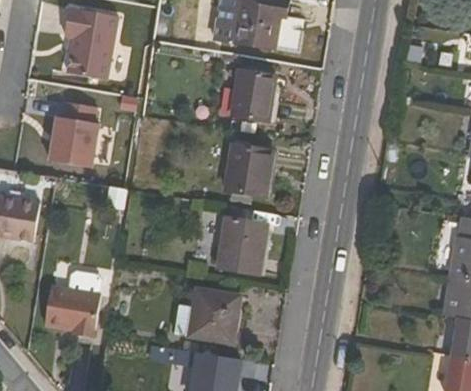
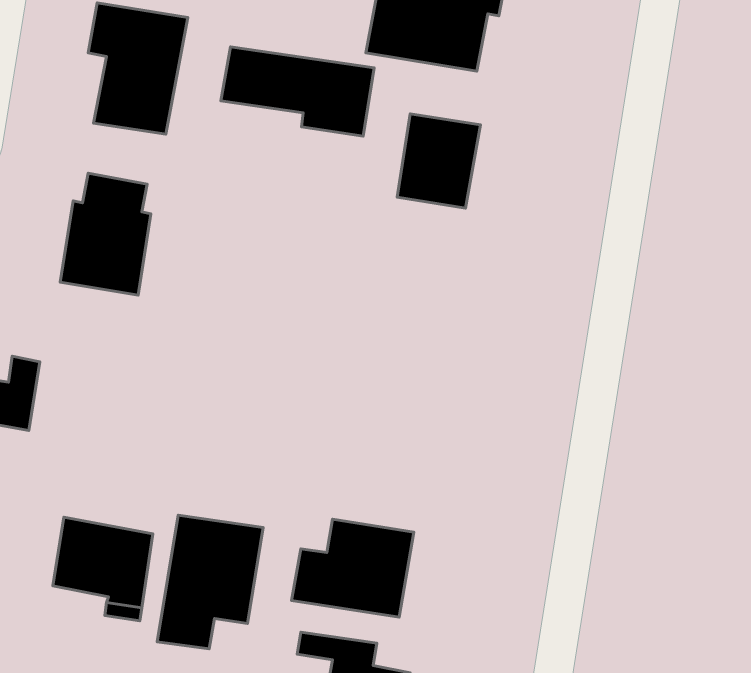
building: none -> [221,47,374,136]
building: [225,143,273,194] -> none
building: [217,216,268,272] -> none
building: none -> [157,515,263,649]

